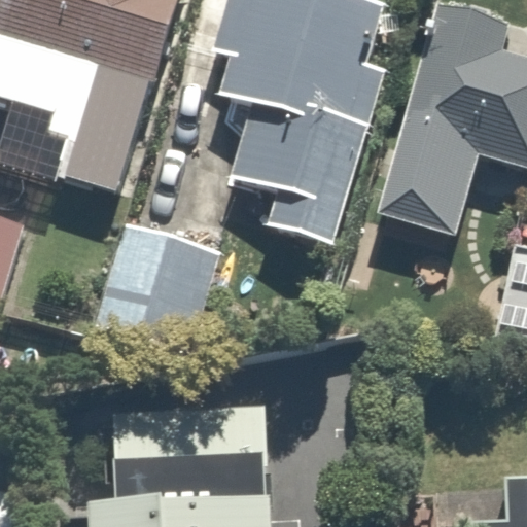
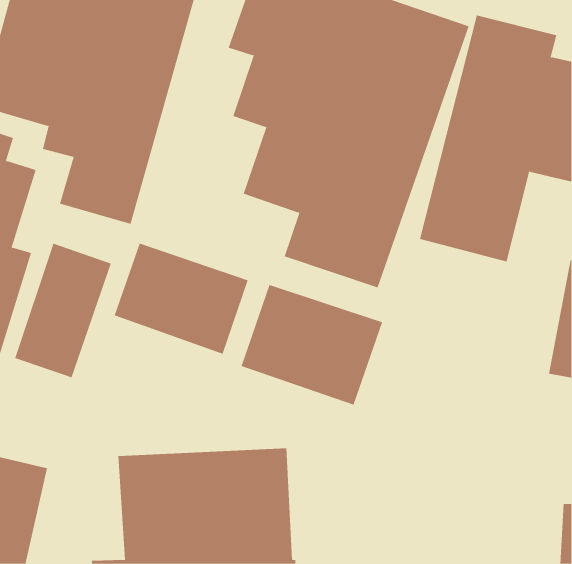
building: none -> [14,243,111,378]
building: none -> [241,284,383,405]

